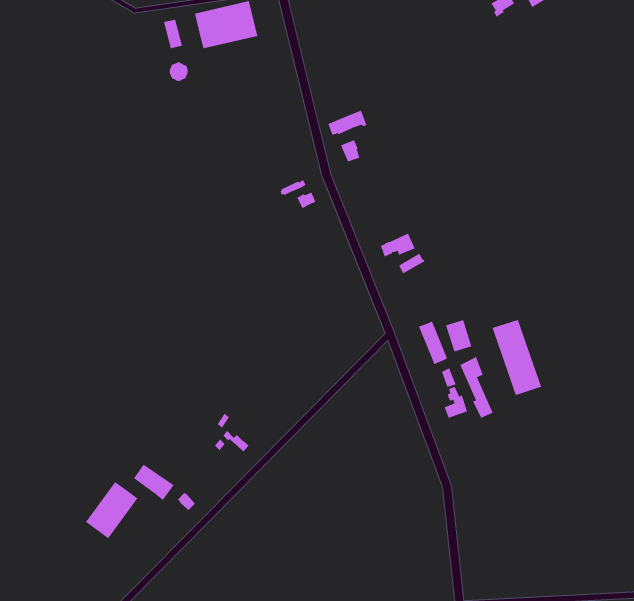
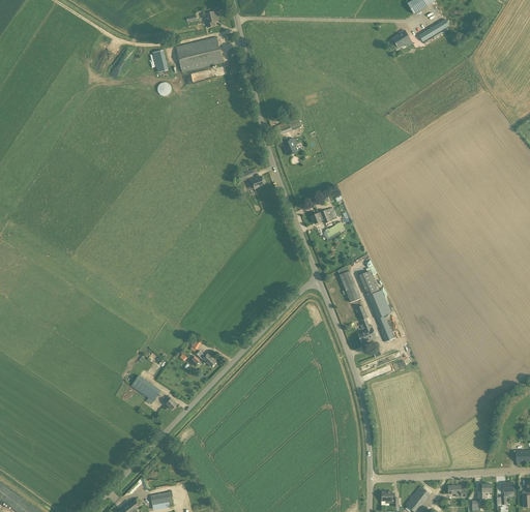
building: [492,319,542,396] -> none
building: [85,481,138,539] -> none

